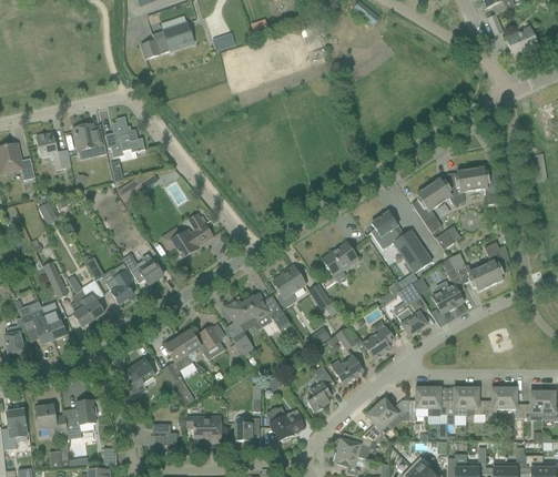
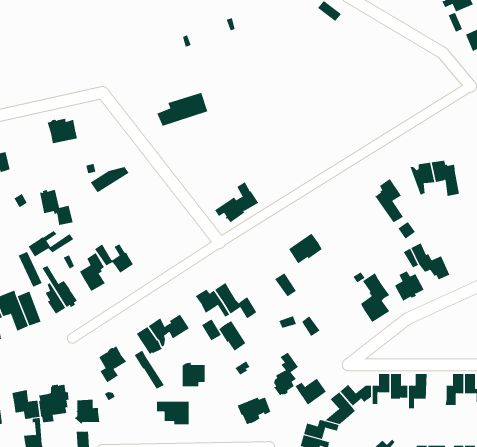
building: [141,22,194,58] -> [157,92,208,126]
building: [105,115,145,158] -> none
building: [37,132,72,170] -> [39,189,74,226]
building: [428,173,459,205] -> none
building: [371,211,433,273] -> none
building: [166,214,213,257] -> [214,181,259,223]
building: none -> [28,230,74,258]
building: [481,241,510,285] -> none
building: [273,264,307,306] -> none
building: [363,319,394,359] -> none
building: none -> [218,320,246,351]
building: [331,355,364,384] -> [295,378,327,406]
building: [466,387,486,414] -> none
building: [235,415,260,440] -> [182,362,206,387]
building: [151,423,177,449] -> [74,399,100,425]

